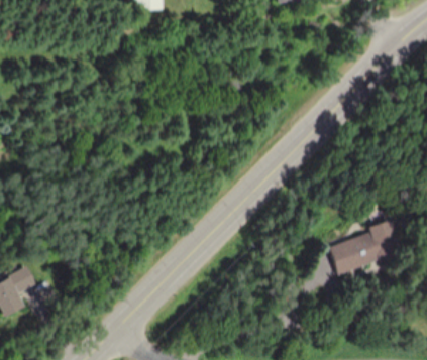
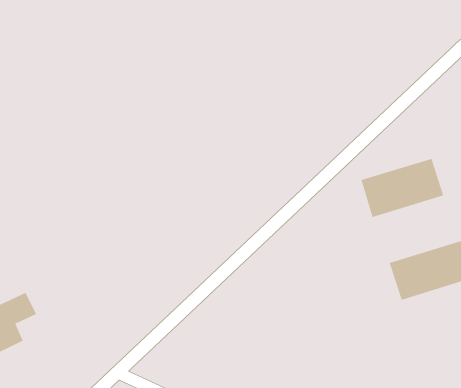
building: none -> [361,158,444,218]

